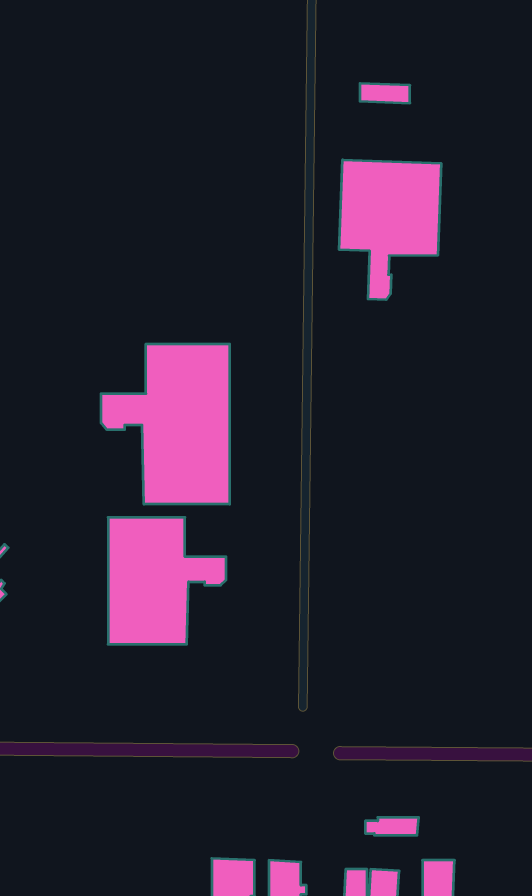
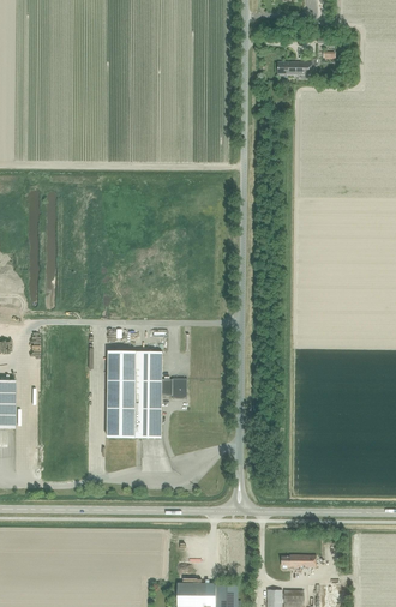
building: [339,160,441,300] -> none
building: [101,344,230,504] -> none

